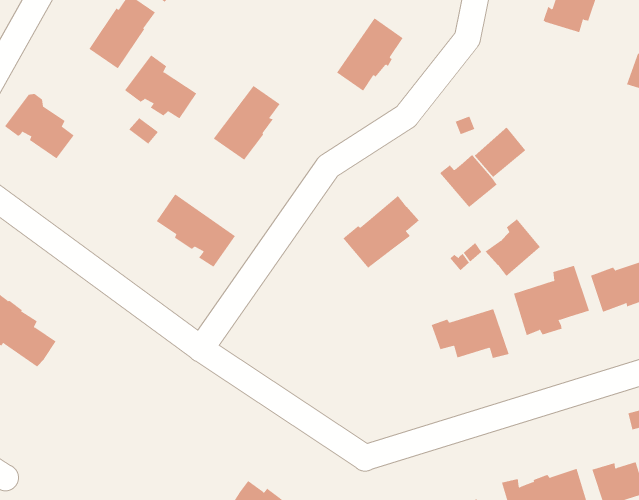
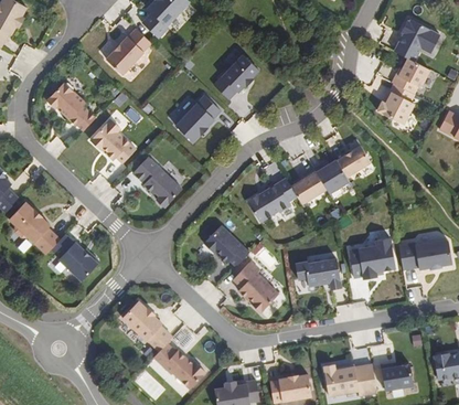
building: [336,18,404,92] -> [214,55,259,100]
building: none -> [376,83,414,124]
building: [124,54,197,119] -> [90,119,136,162]
building: [485,219,541,277] -> [290,168,325,203]
building: none -> [203,225,248,266]
building: none -> [233,260,278,311]
building: none -> [51,234,99,279]
building: none -> [124,298,173,349]

